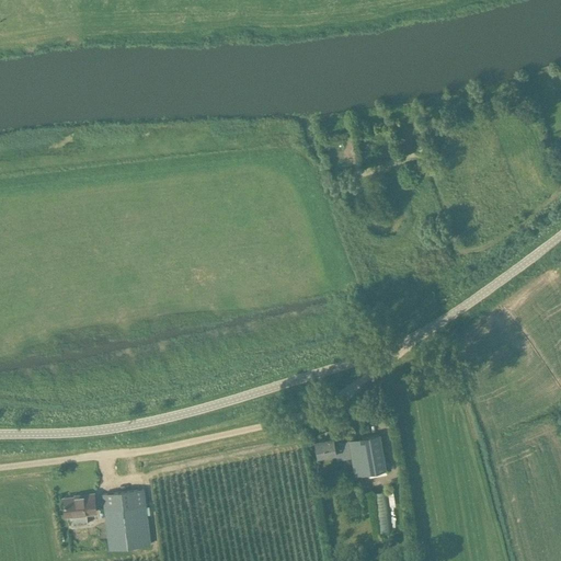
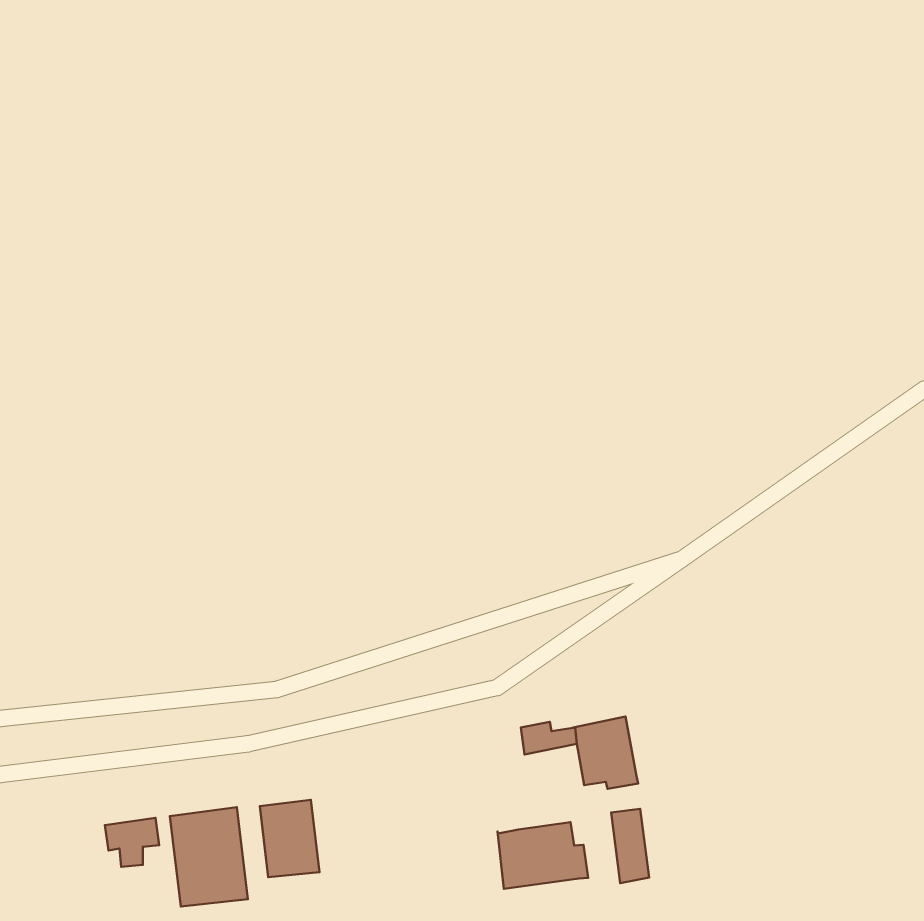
building: none -> [260,800,319,877]
building: none -> [498,822,588,889]

